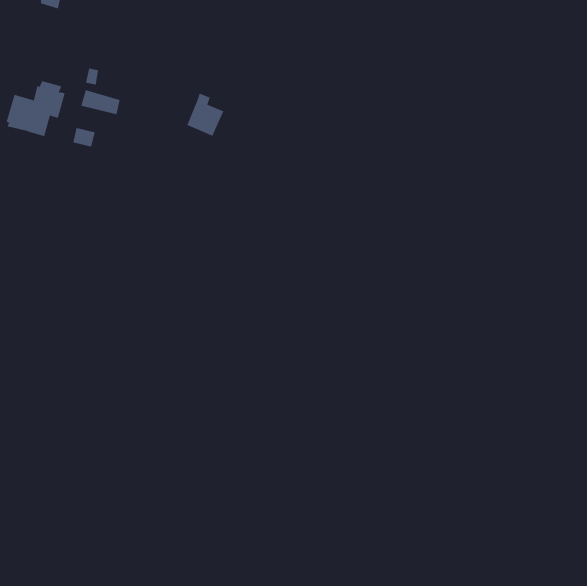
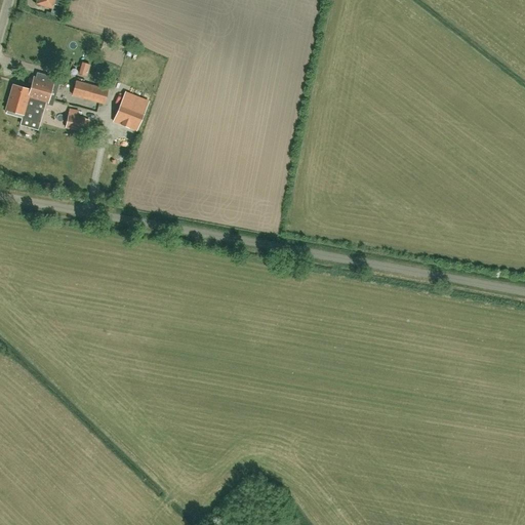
building: [186,93,224,137] -> [113,92,147,131]

